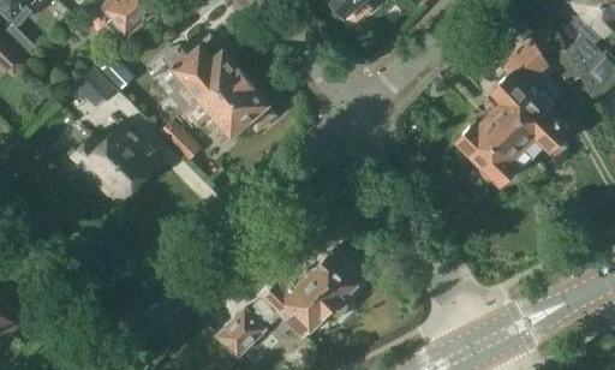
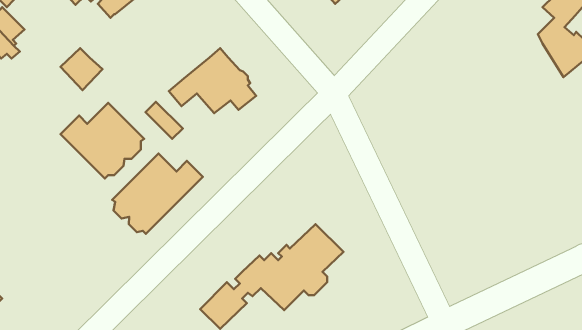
building: [167,36,238,111] -> none
building: [456,37,571,184] -> none
building: none -> [112,153,203,234]

